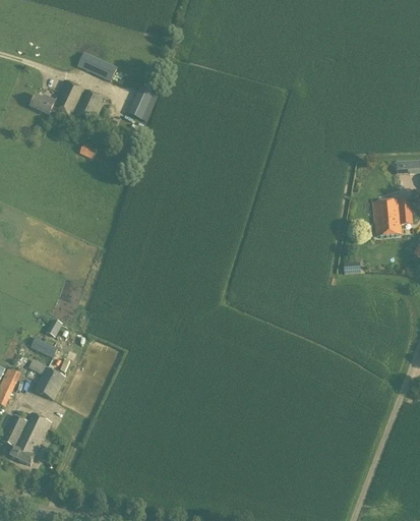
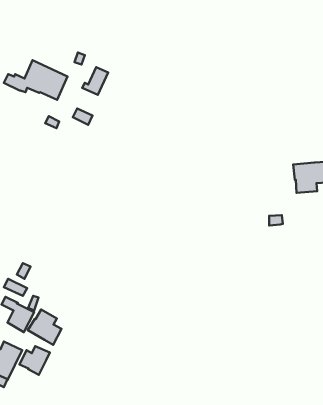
building: [77,52,117,81] -> none
building: none -> [28,309,61,345]
building: none -> [20,346,50,375]

